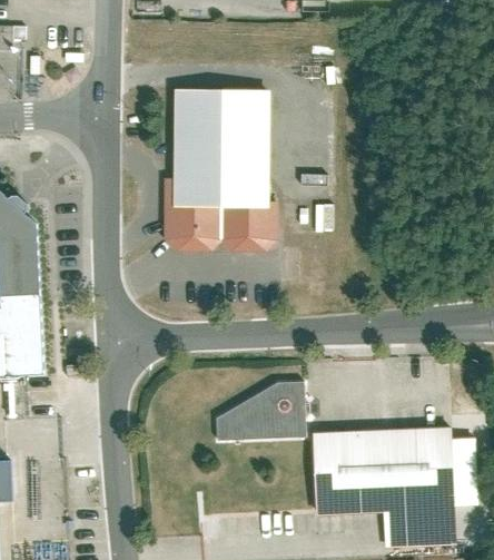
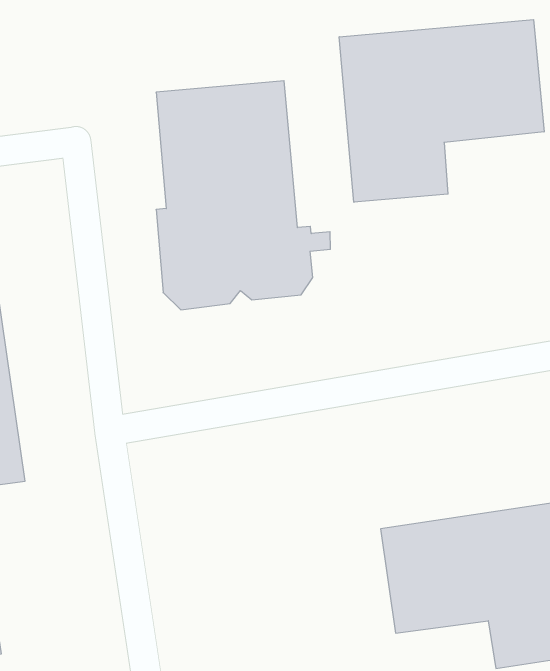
building: none -> [339,20,544,202]
building: [214,385,304,443] -> none

